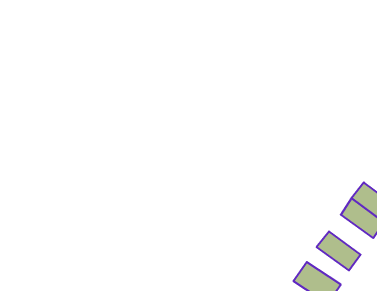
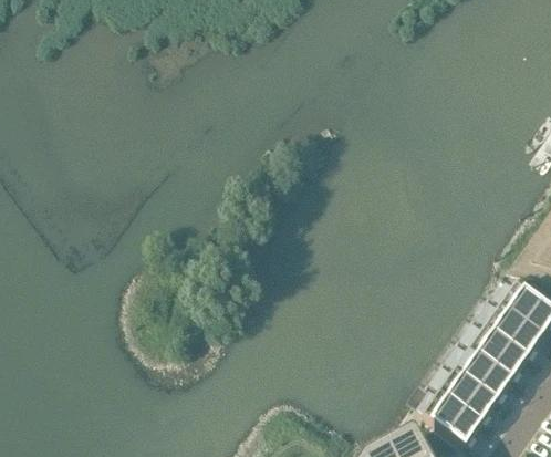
building: none -> [471,322,530,375]
building: none -> [441,365,498,415]

